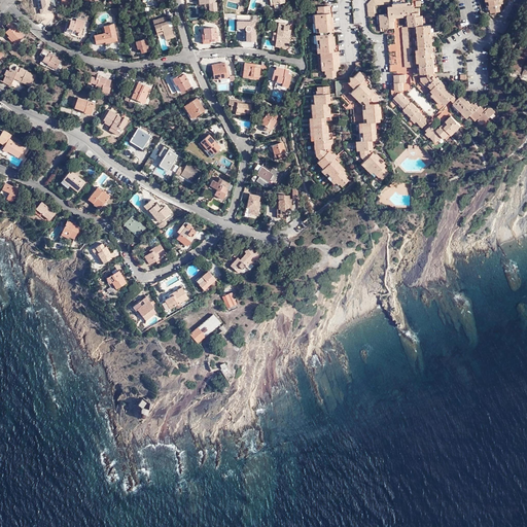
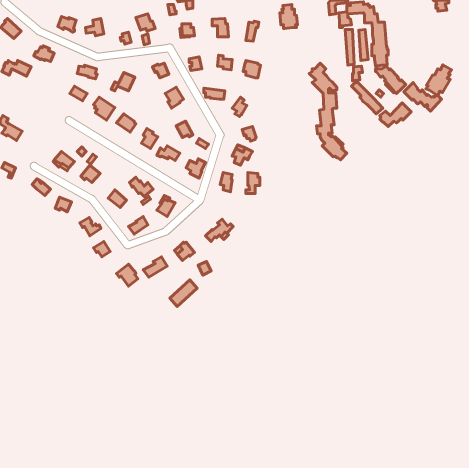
building: [315,35,340,78] -> none
building: none -> [426,65,451,95]
building: [309,86,349,187] -> none

